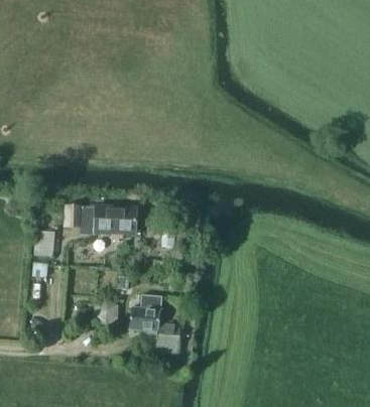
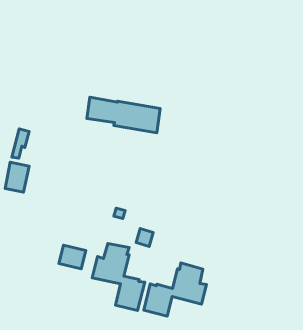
building: [67,207,136,232] -> [87,97,160,133]
building: none -> [144,263,206,316]

